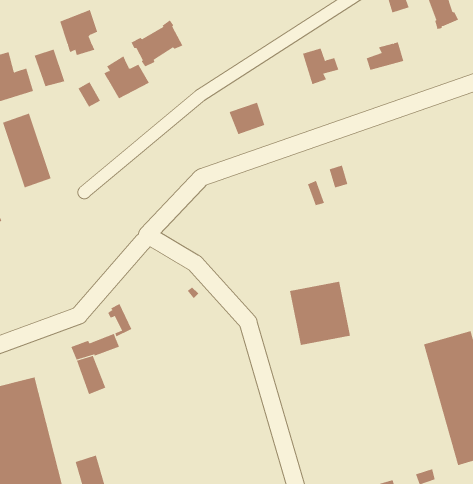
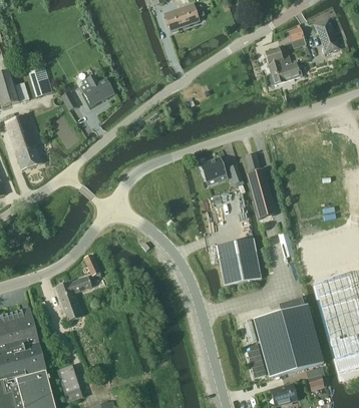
building: [59,9,98,56] -> none
building: [131,20,183,67] -> none
building: [302,48,339,85] -> [265,47,292,74]
building: [228,101,265,135] -> [199,155,226,180]
building: none -> [247,169,276,219]
building: none -> [253,304,323,377]

